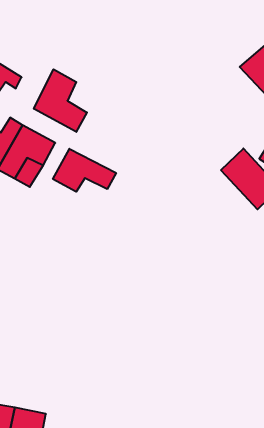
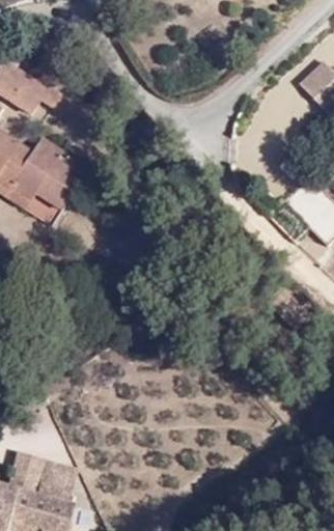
building: [34,69,87,132] -> none
building: [53,149,116,192] -> none

